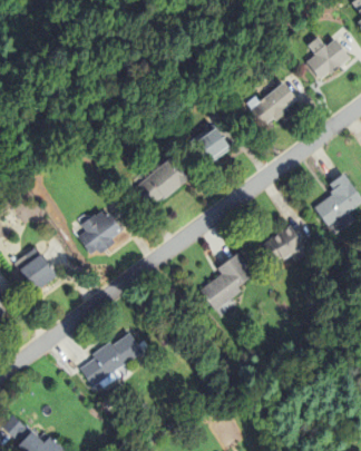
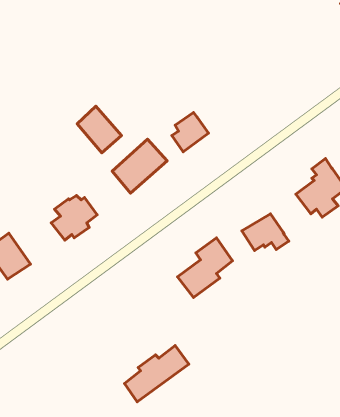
building: [306,38,350,80] -> none
building: [246,82,296,127] -> none
building: none -> [77,106,122,153]
building: [79,332,142,386] -> [124,346,189,402]

